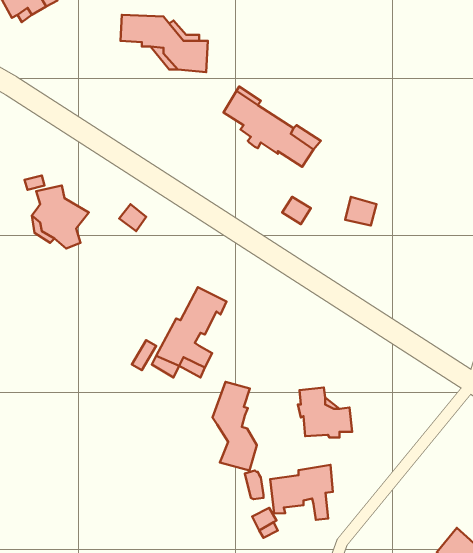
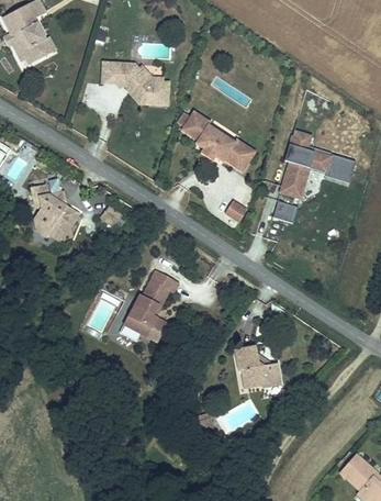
building: none -> [281,127,356,196]
building: [213,382,257,470] -> none
building: [270,465,333,520] -> none

